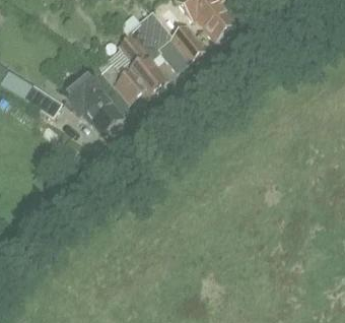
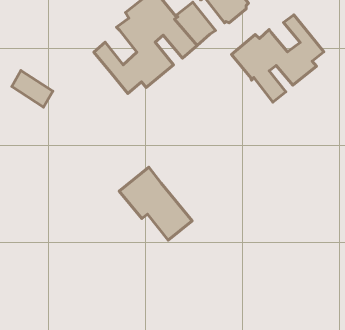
building: none -> [232,15,324,102]
building: [57,69,122,134] -> [119,167,192,240]

